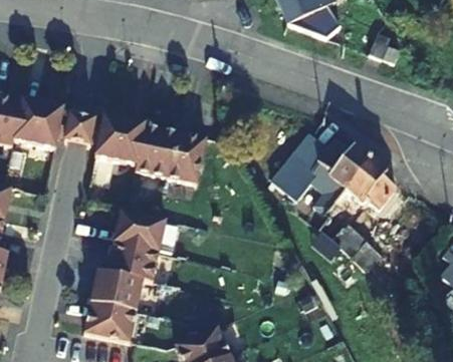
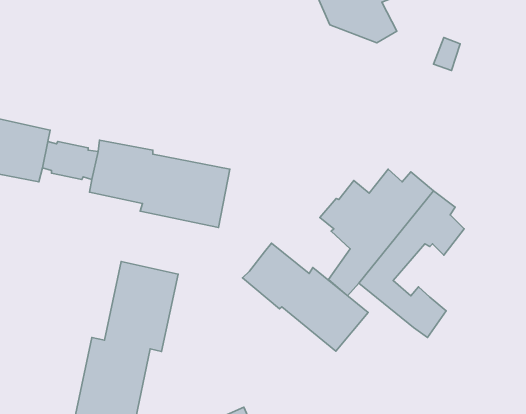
building: none -> [243,243,368,351]

